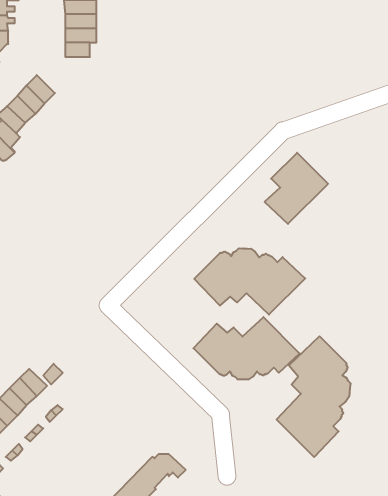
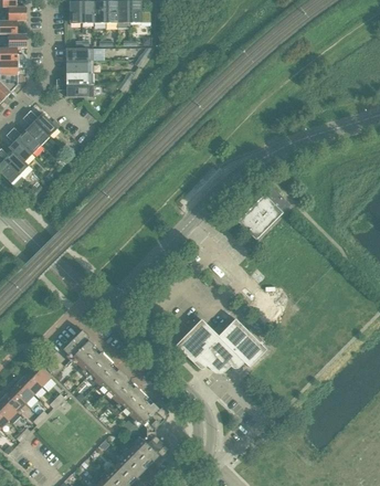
building: [194,248,305,315] -> none
building: none -> [63,329,168,427]
building: [277,336,350,457] -> none

